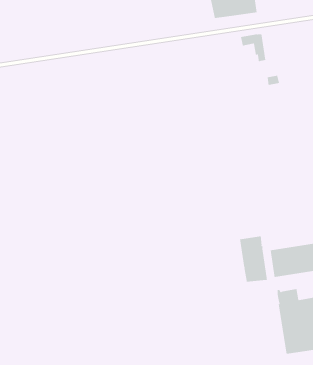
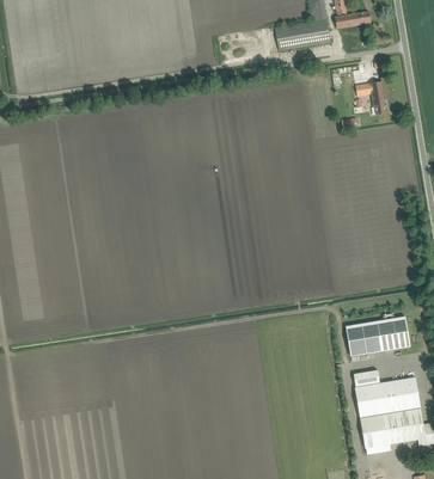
building: [240,34,266,62] -> [355,81,386,115]
building: [239,236,267,283] -> none

